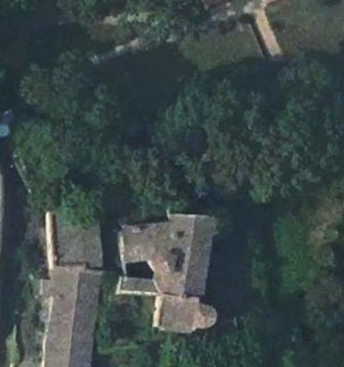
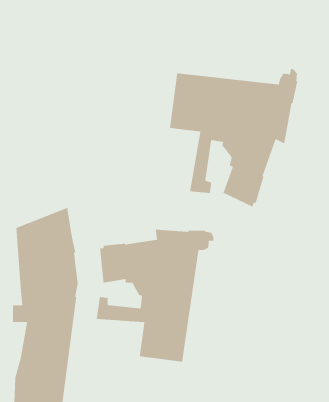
building: none -> [169,68,298,208]

